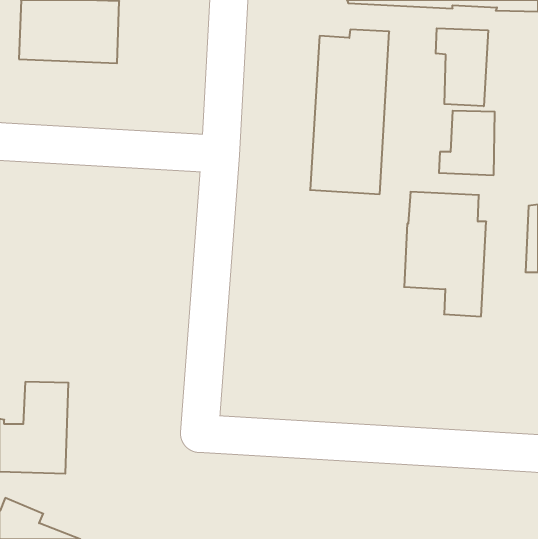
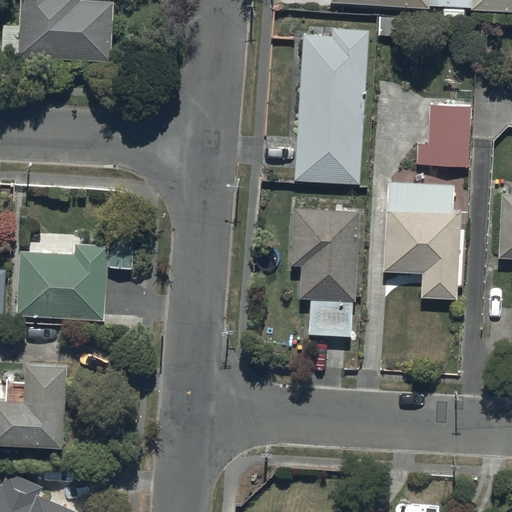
building: [436,28,488,106] -> none
building: none -> [292,209,359,336]
building: none -> [17,227,134,319]

